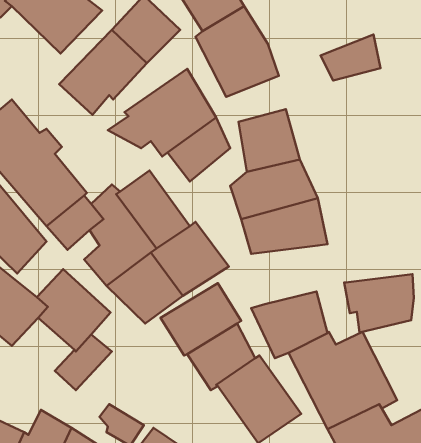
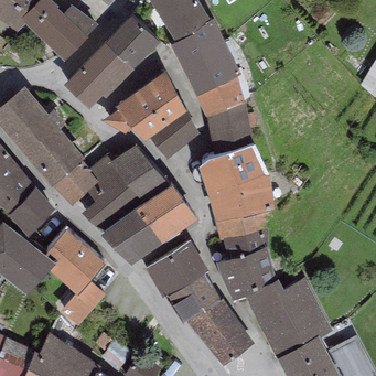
building: [321,35,380,81] -> [195,75,243,111]
building: [344,274,414,333] -> [214,210,269,256]

